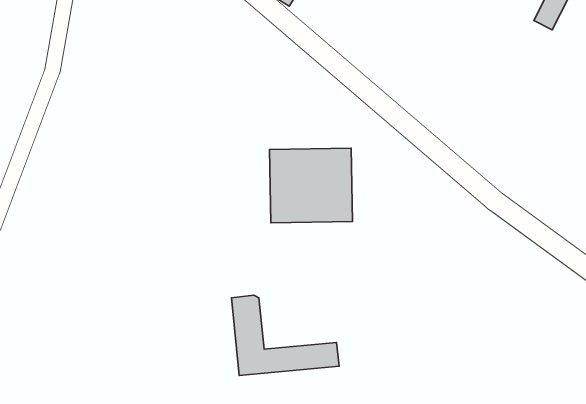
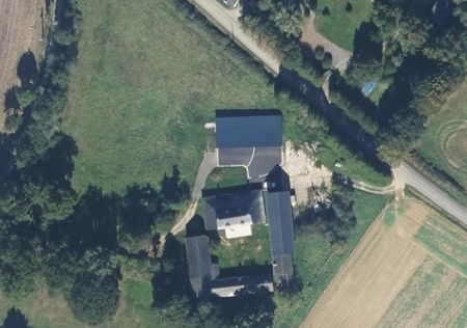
building: none -> [200,190,264,229]
building: none -> [266,193,296,294]

